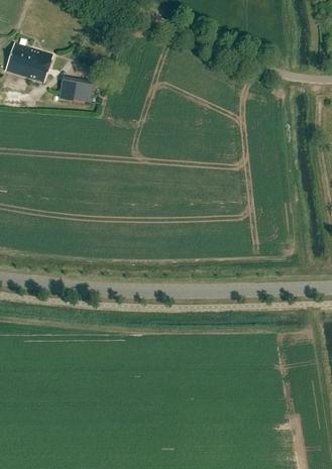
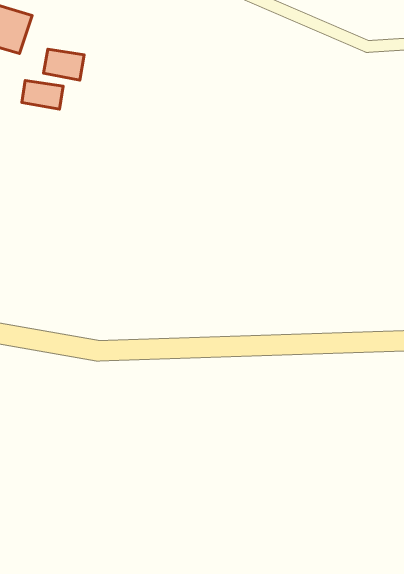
building: none -> [22,81,63,109]

